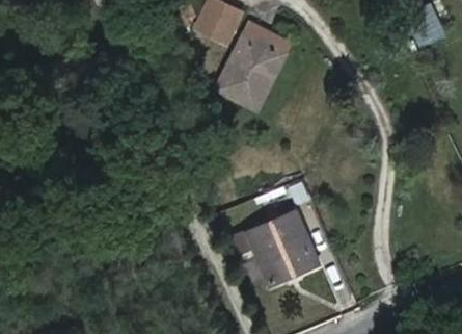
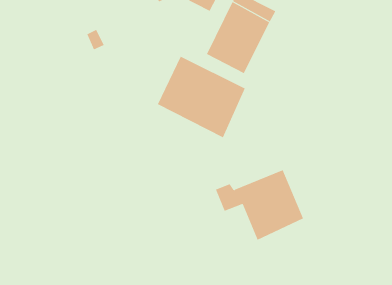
building: none -> [157,56,246,138]

